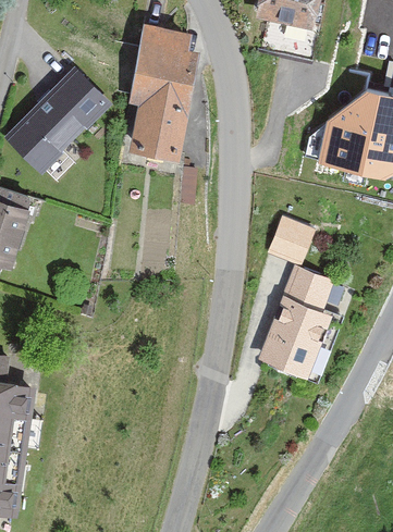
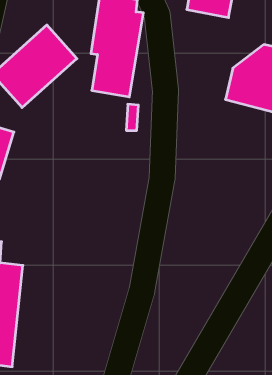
building: [261,211,309,260] -> none
building: [250,265,334,382] -> none

